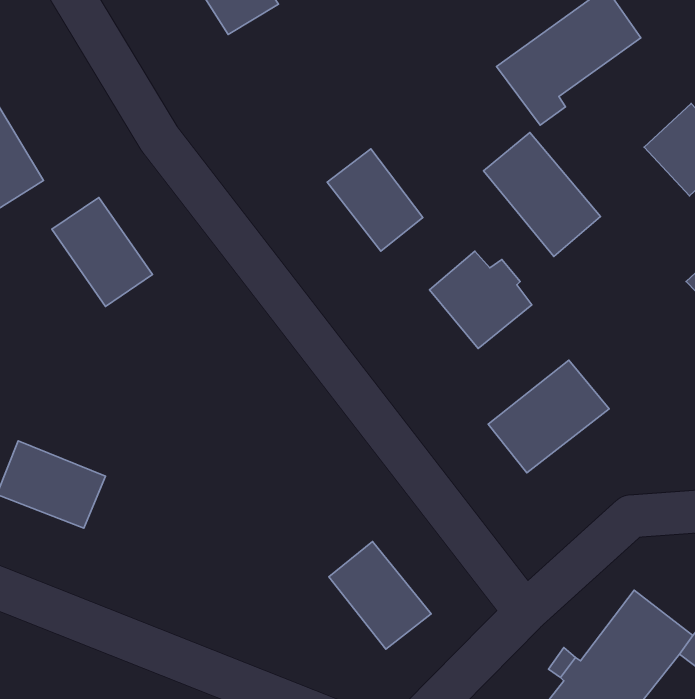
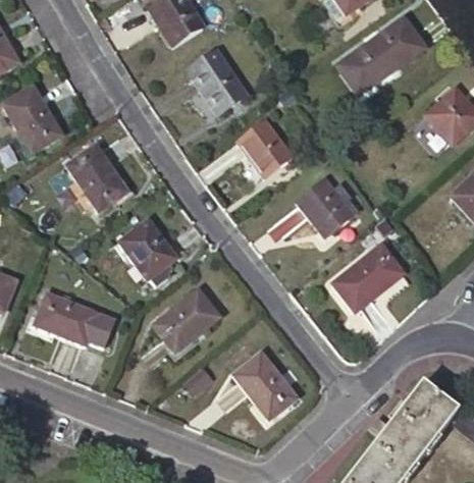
building: none -> [189,51,247,113]
building: [484,133,600,257] -> none
building: none -> [118,218,177,286]
building: none -> [153,289,220,353]

